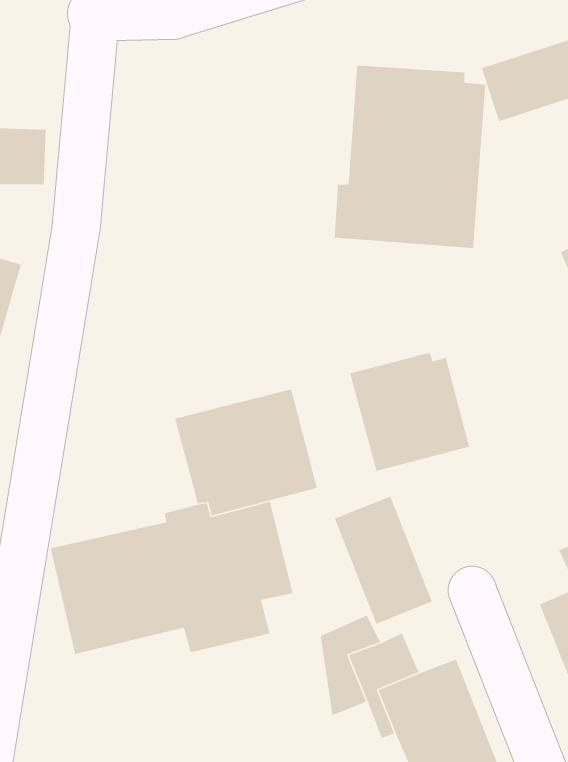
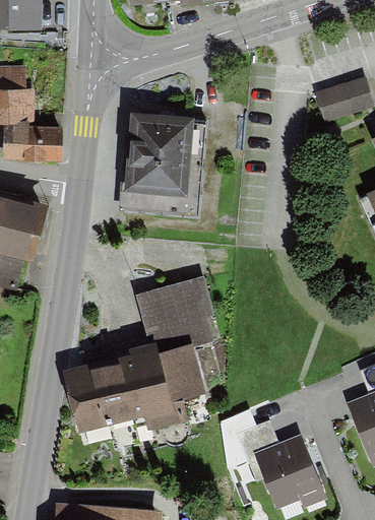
building: [334,65,486,249] -> [118,113,206,219]
building: [349,352,470,472] -> none
building: [334,495,433,625] -> none

